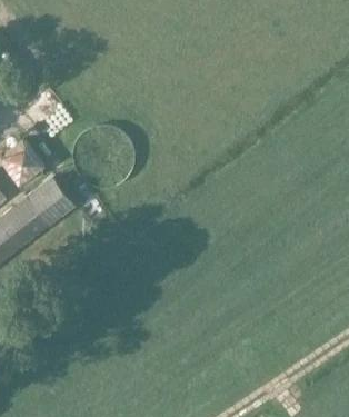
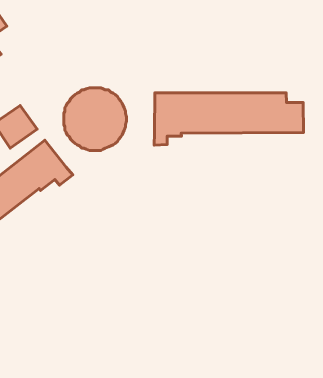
building: none -> [154,93,303,145]

